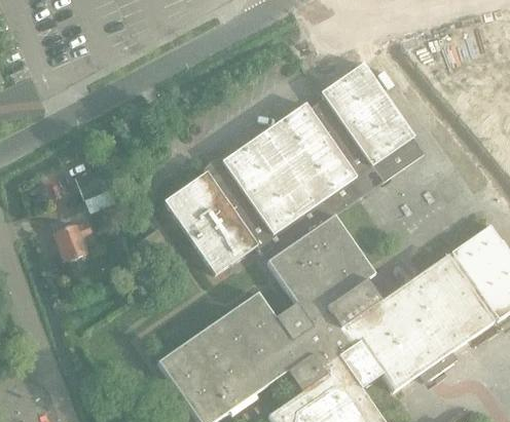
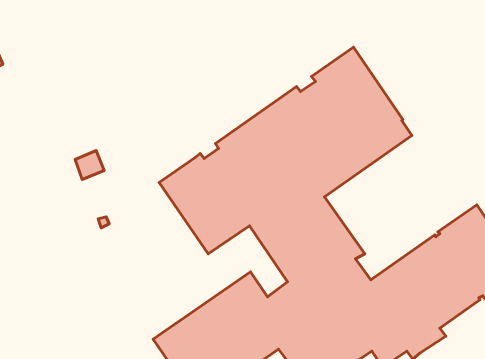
building: [54,221,93,262] -> none

